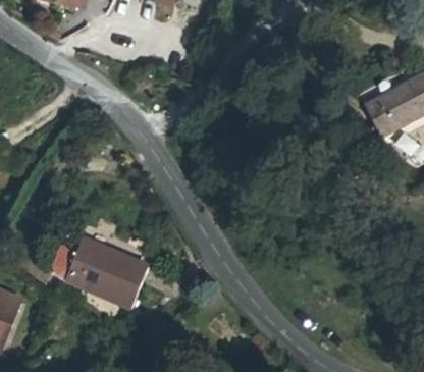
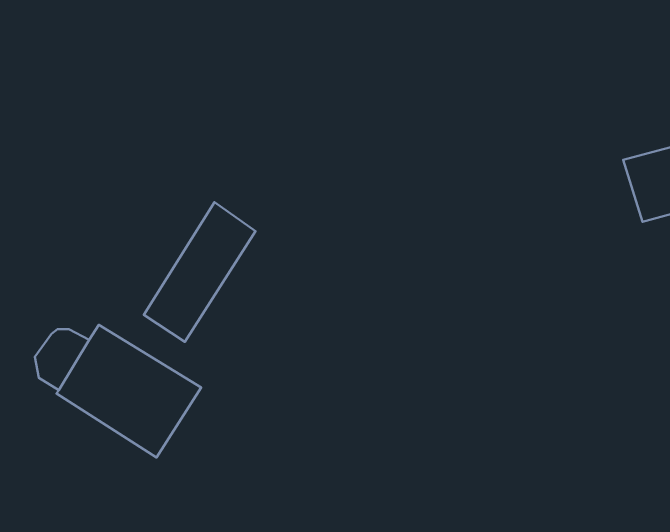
building: none -> [144,202,255,342]

